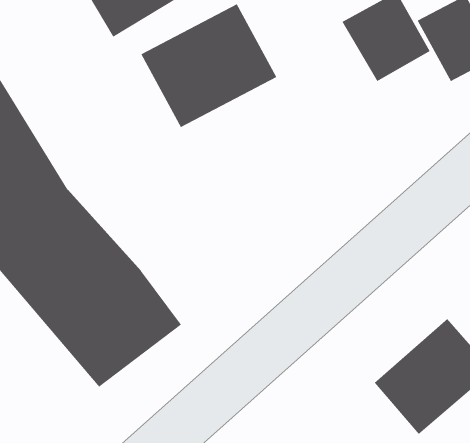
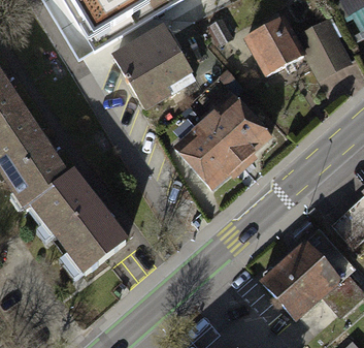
building: none -> [175,95,274,190]

